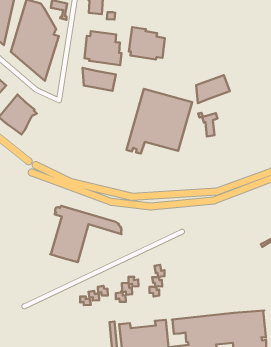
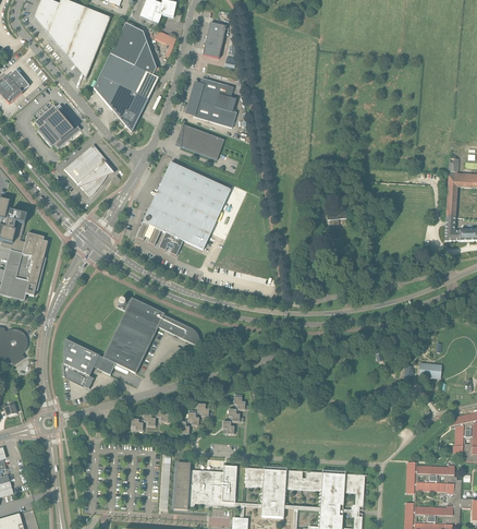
building: [129,27,165,60] -> none
building: [196,75,230,103] -> none
building: [127,89,192,154] -> [136,161,231,249]
building: none -> [62,338,115,388]

